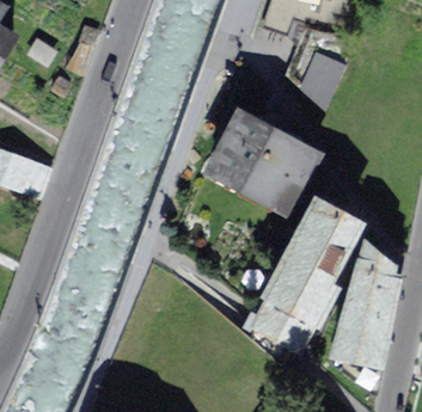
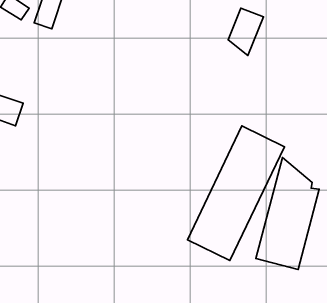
building: [210,111,314,210] -> none

